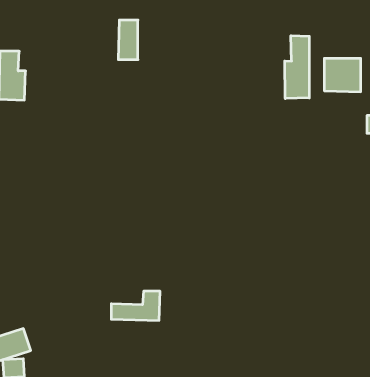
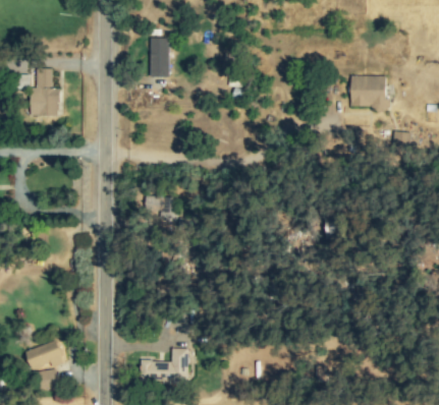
building: [285,36,309,99] -> none
building: [111,291,160,320] -> [141,348,188,377]

